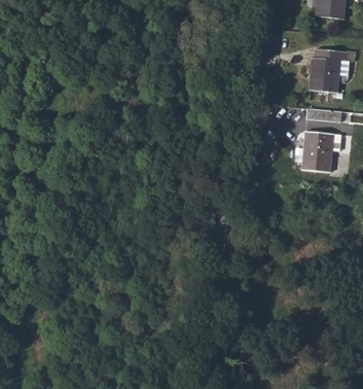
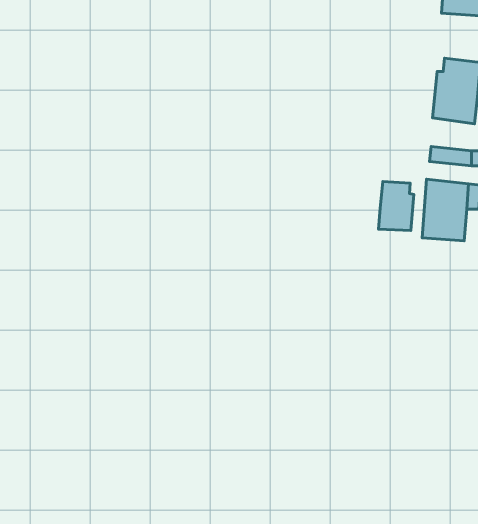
building: none -> [379,181,414,230]

